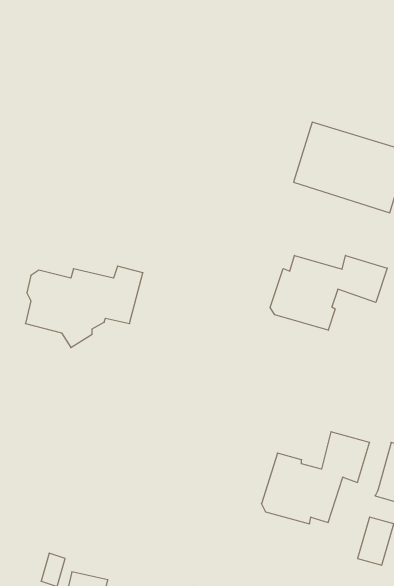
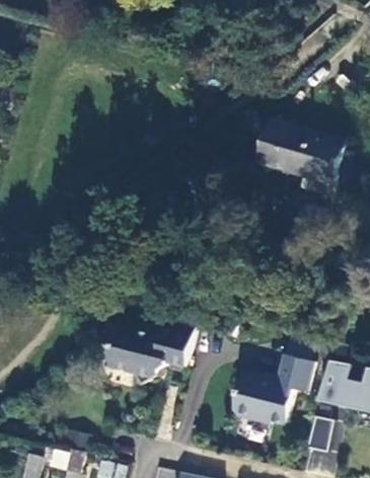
building: [270,255,387,330] -> none
building: [25,266,143,348] -> [108,322,198,384]

